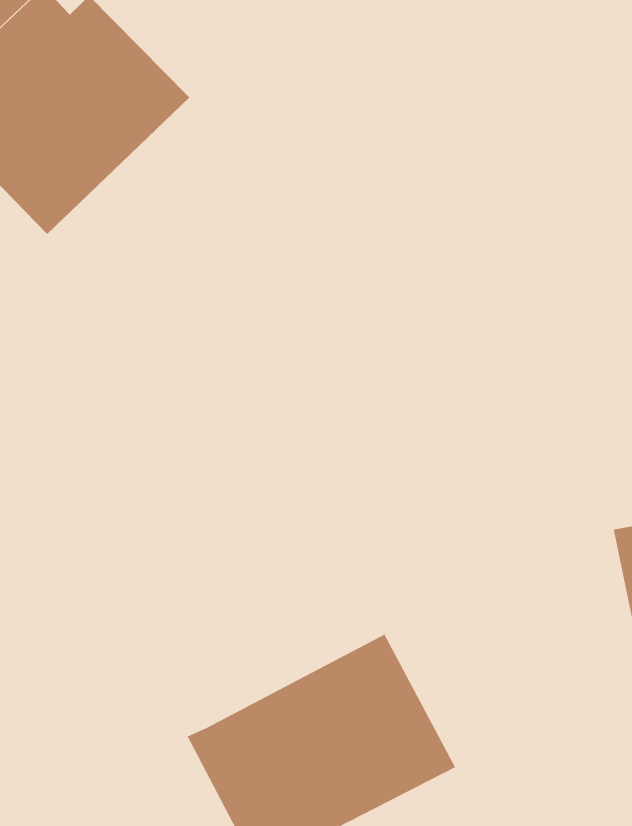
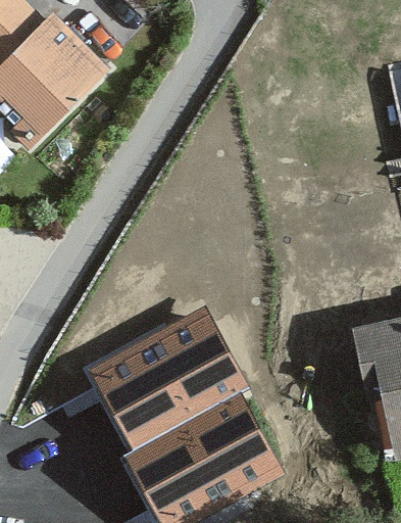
building: none -> [81,301,241,443]

